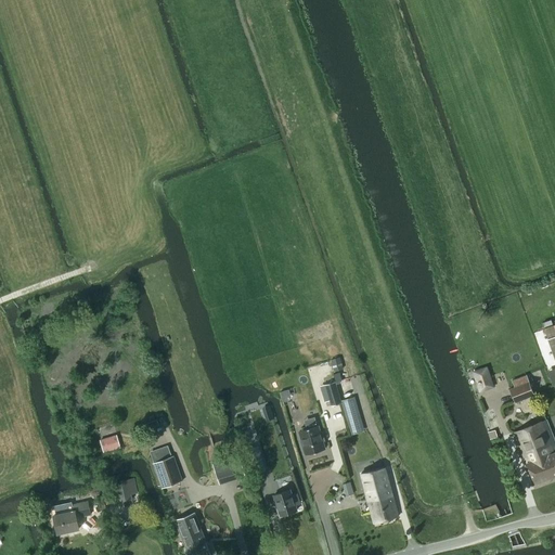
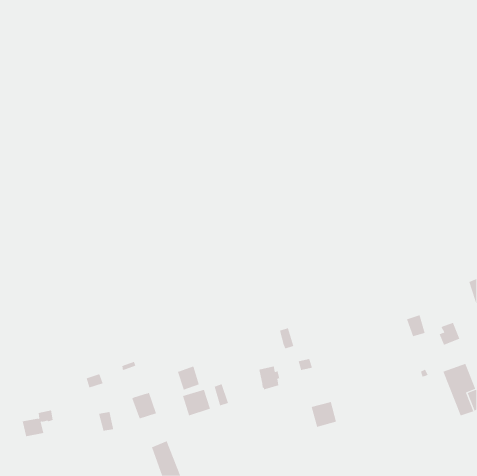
building: none -> [177,366,200,391]
building: [273,489,299,515] -> none
building: [367,490,398,521] -> none
building: [53,501,90,532] -> [22,410,54,437]

